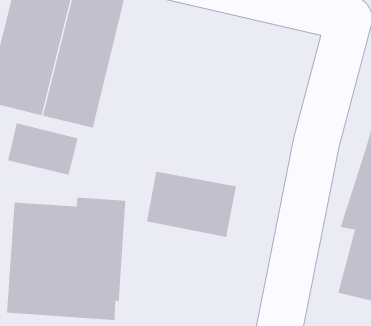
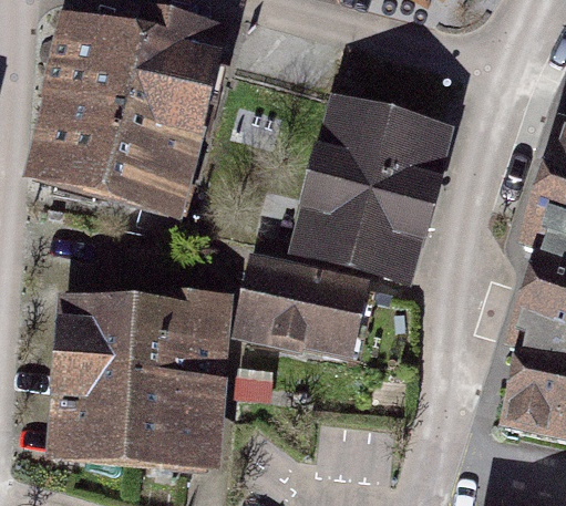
building: none -> [302,106,445,281]
building: [7,123,78,175] -> none

